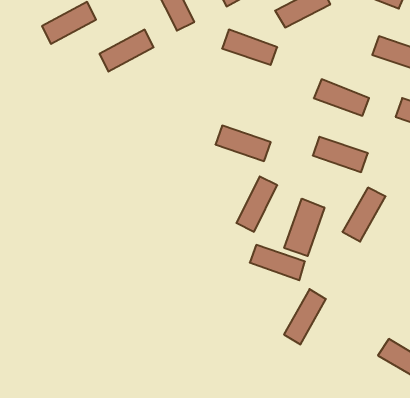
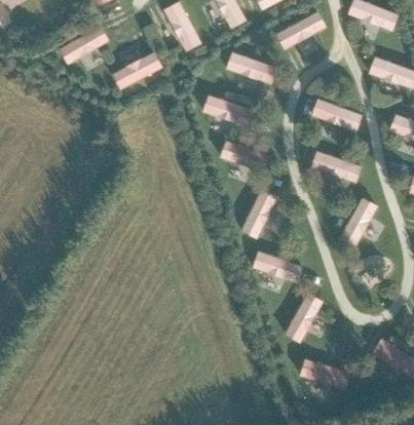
building: none -> [202,93,254,126]
building: [284,199,324,256] -> none
building: none -> [299,358,350,388]

